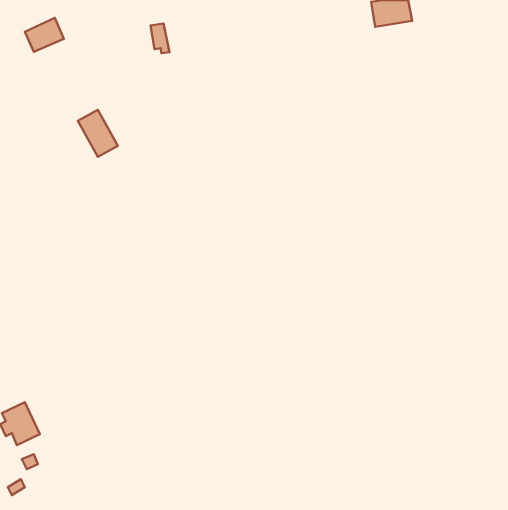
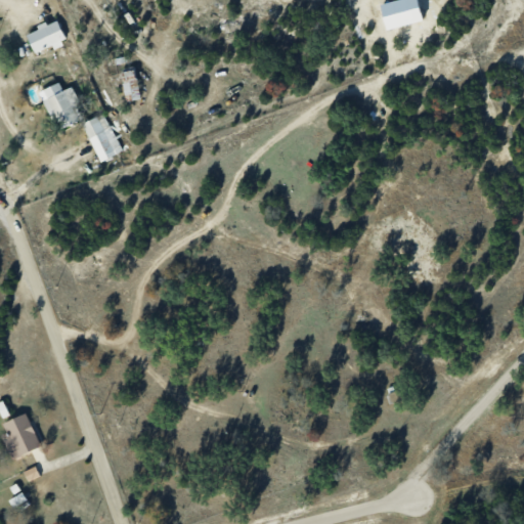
building: [151,23,170,53] -> [121,69,140,99]
building: none -> [42,82,83,127]

